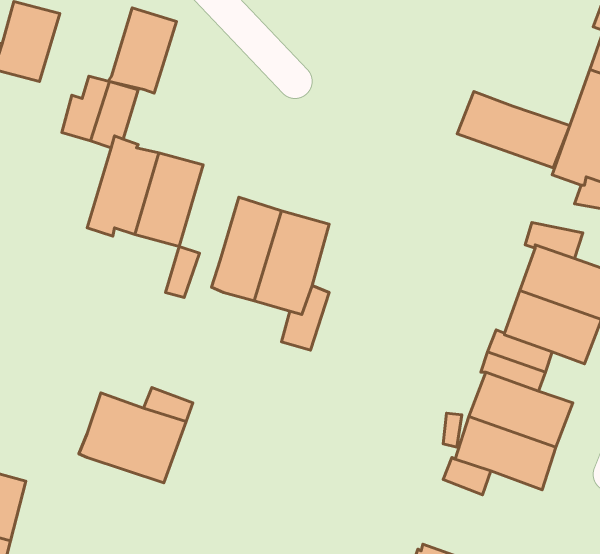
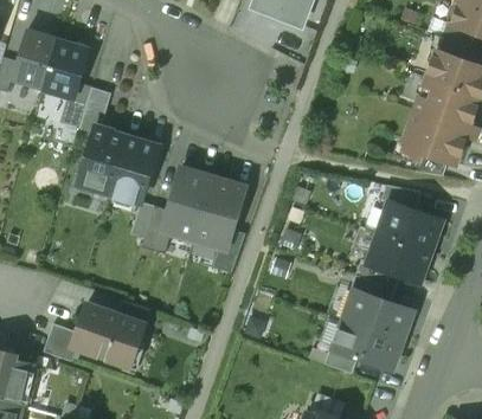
building: [108,8,176,93] -> [41,39,89,98]
building: [457,92,570,168] -> none
building: none -> [141,206,172,253]
building: none -> [44,323,77,361]

